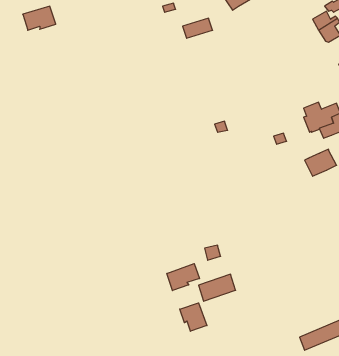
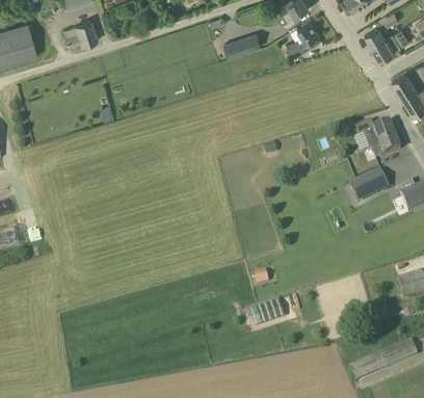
building: none -> [286,23,319,56]
building: [167,264,199,291] -> none
building: [180,303,207,331] -> none

